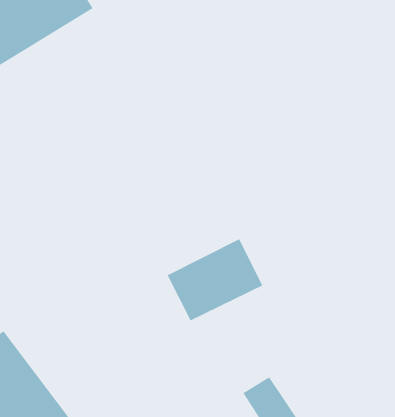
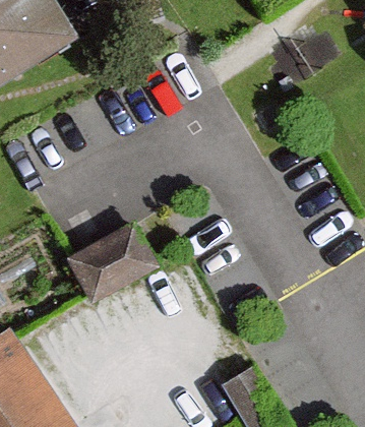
building: [167,238,263,321] -> [66,226,154,301]

